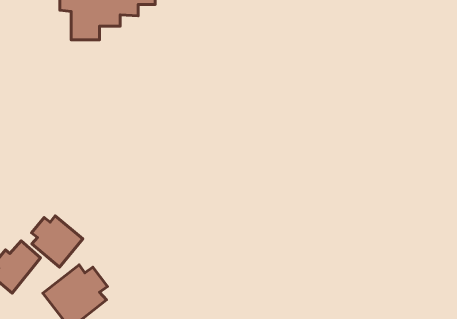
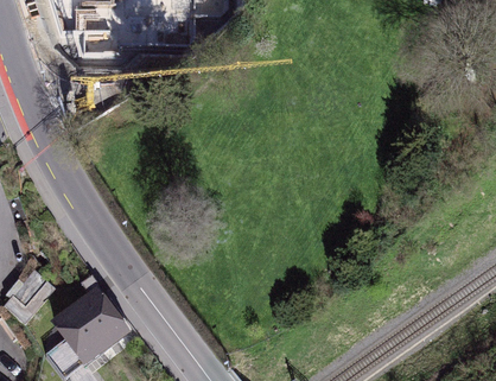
building: [31,216,83,267] -> none

